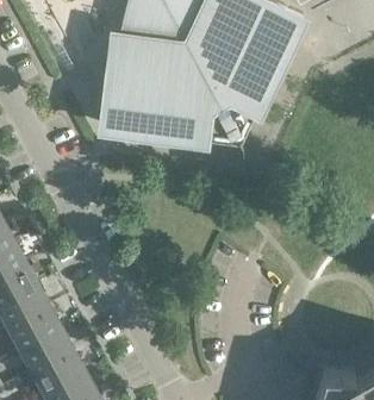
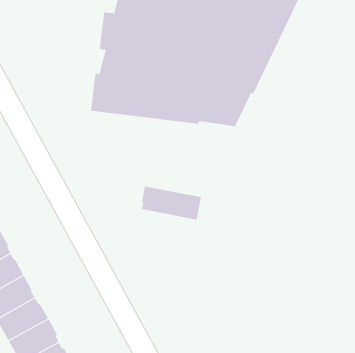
building: none -> [141,186,202,221]

